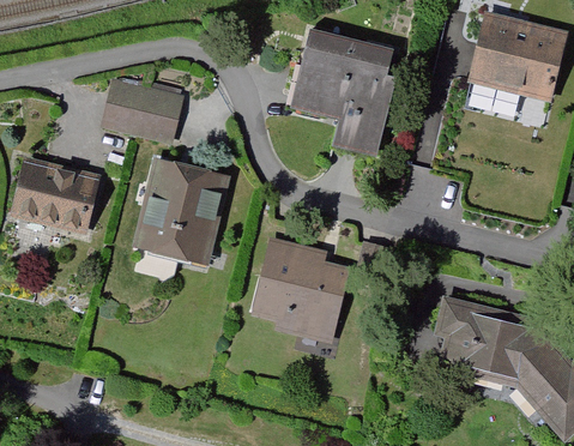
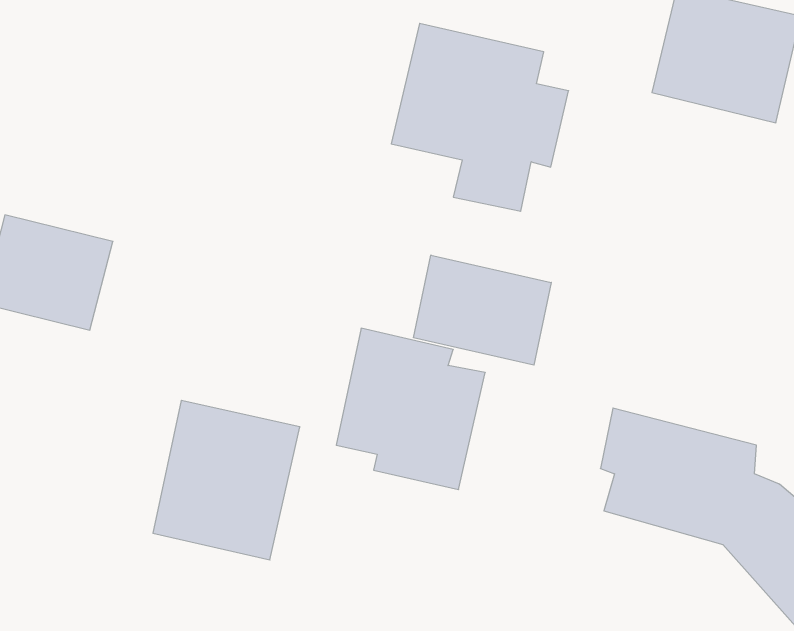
building: [101,78,182,137] -> none
building: [133,158,232,266] -> [153,400,300,560]
building: none -> [414,255,551,365]

